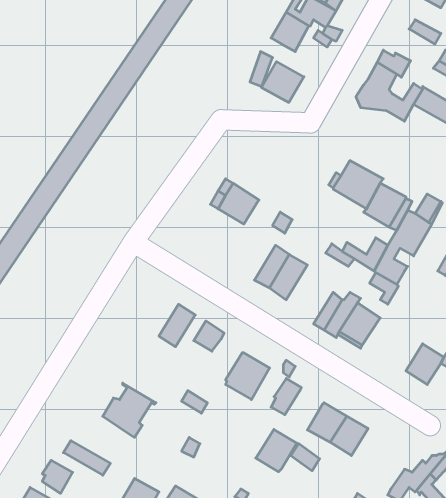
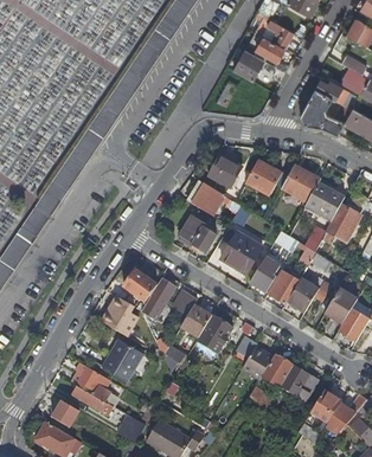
building: [261,62,304,102] -> [207,154,240,186]
building: none -> [245,160,281,194]
building: none -> [178,215,216,252]
building: none -> [249,256,278,291]
building: none -> [122,268,155,301]
building: none -> [323,287,357,323]
building: none -> [100,297,139,337]
building: none -> [179,304,210,336]
building: none -> [71,361,111,401]
building: [256,429,297,472] -> [240,345,272,378]
building: none -> [309,390,340,421]

